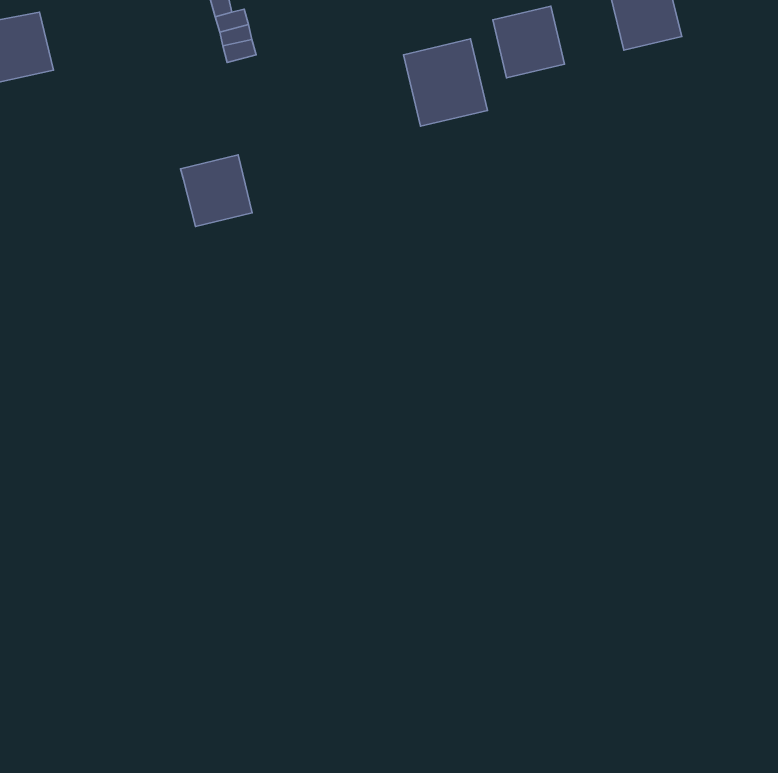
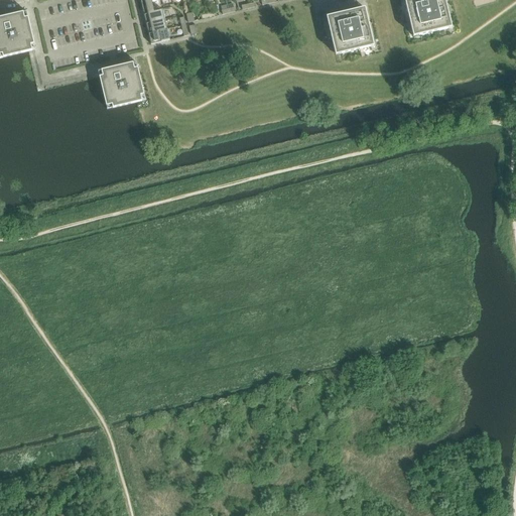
building: [403,39,487,126] -> none
building: [180,155,252,227] -> [97,58,144,106]

